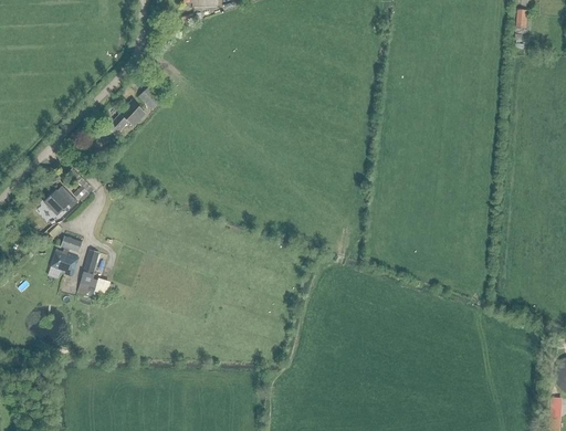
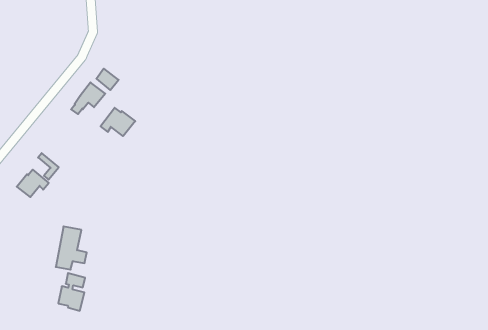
building: none -> [101,108,135,136]
building: [50,235,81,276] -> [58,273,85,311]

